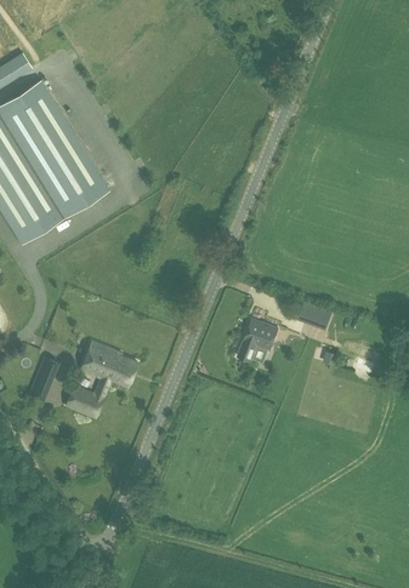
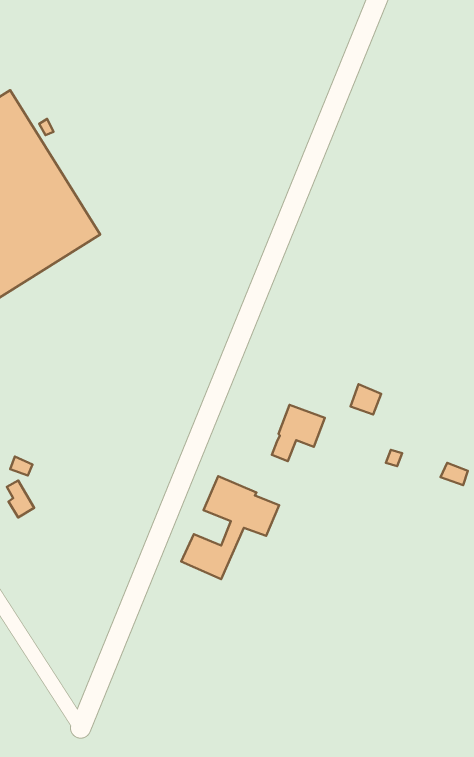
building: [64,341,138,418] -> [181,476,279,579]

